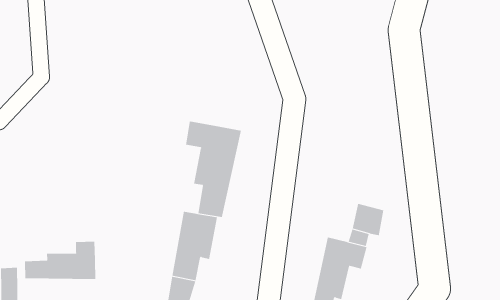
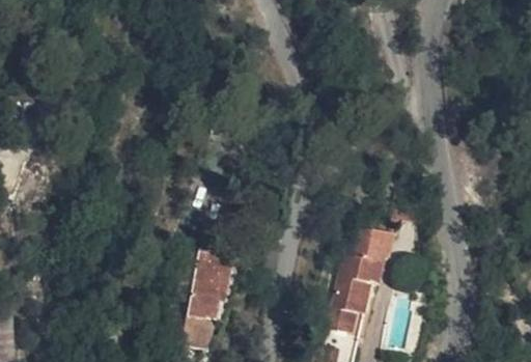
building: [185,120,241,218] -> none
building: [24,241,96,280] -> none

